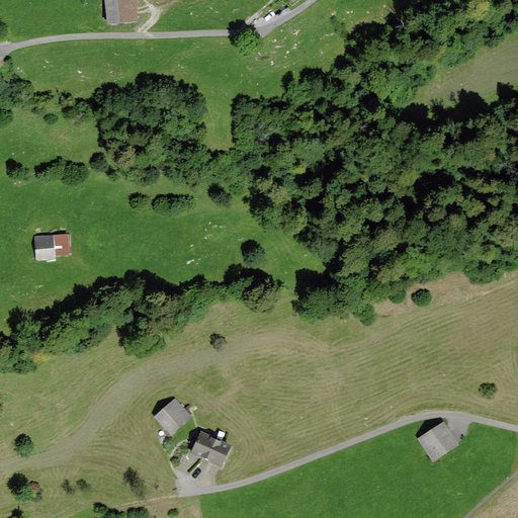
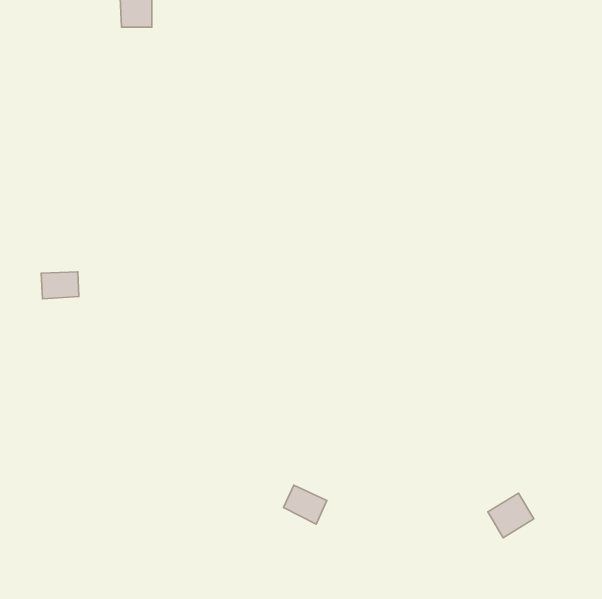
building: [154,399,189,433] -> none
building: [193,431,231,464] -> [283,485,327,524]

